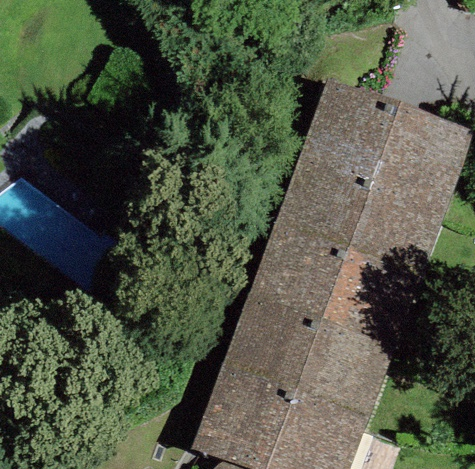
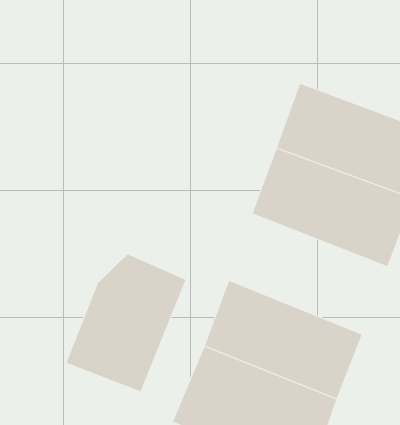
building: [248,228,418,357] -> none
building: none -> [66,253,186,392]

